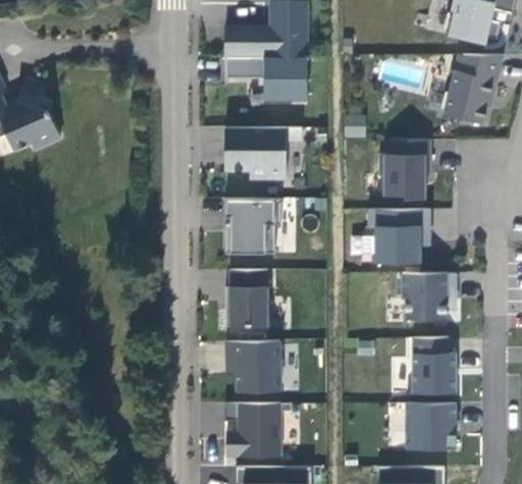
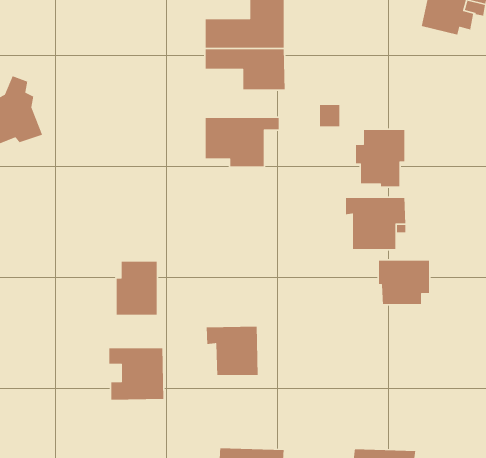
building: [445,55,505,124] -> none
building: [225,200,281,255] -> none
building: [225,271,268,327] -> [116,261,158,316]
building: [409,336,458,395] -> none
building: [224,404,281,458] -> [108,348,164,400]
building: [406,404,456,448] -> none

